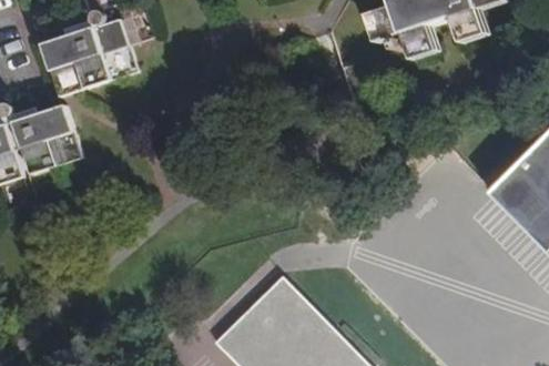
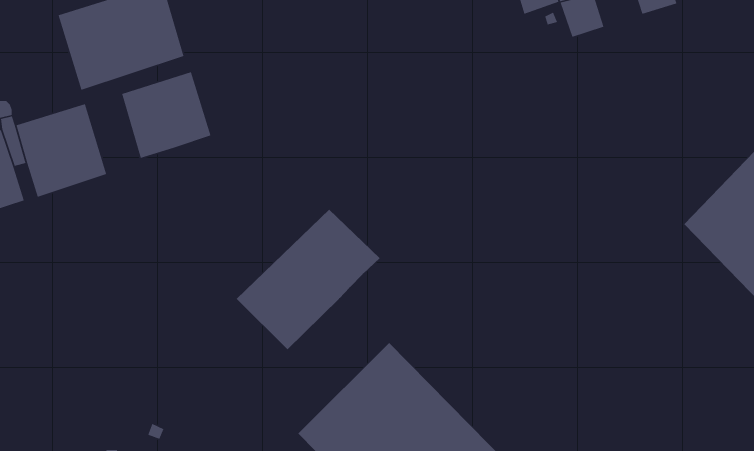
building: none -> [121,71,212,159]
building: none -> [236,209,380,350]

